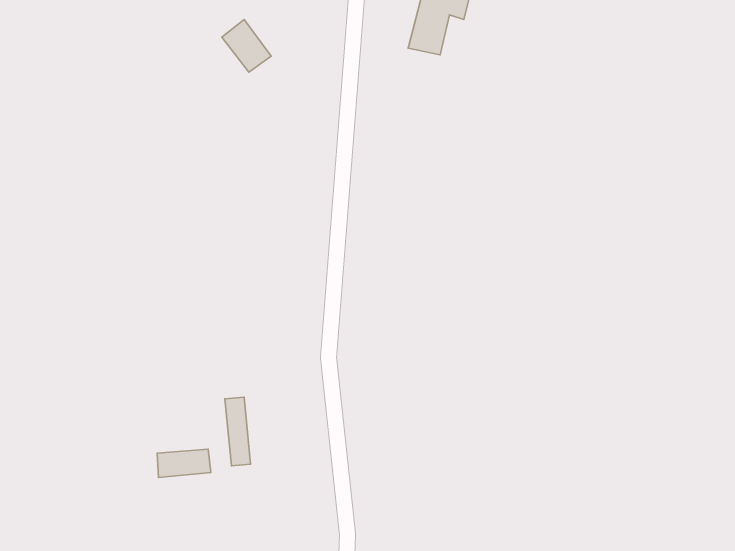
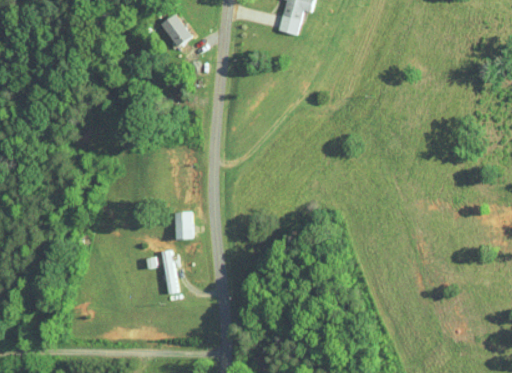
building: none -> [174,212,194,240]
building: [157,449,211,477] -> none

